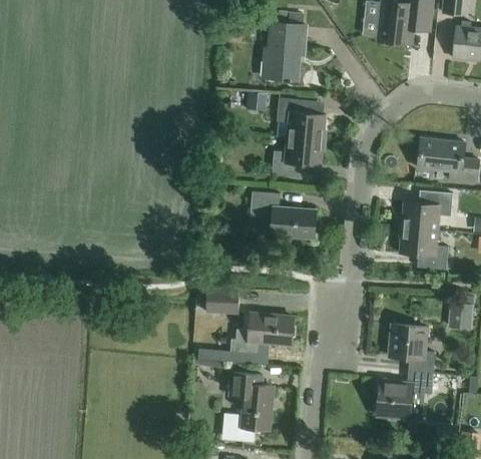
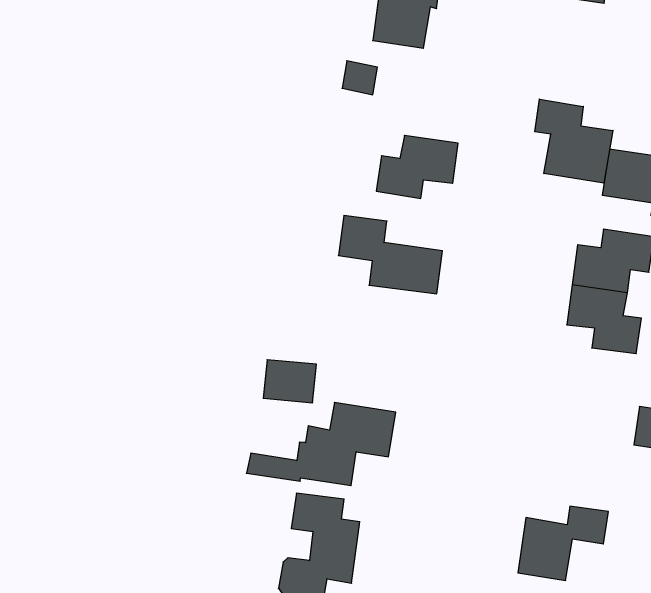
building: [277,98,326,140] -> none
building: none -> [535,99,613,183]
building: [389,325,435,373] -> none

